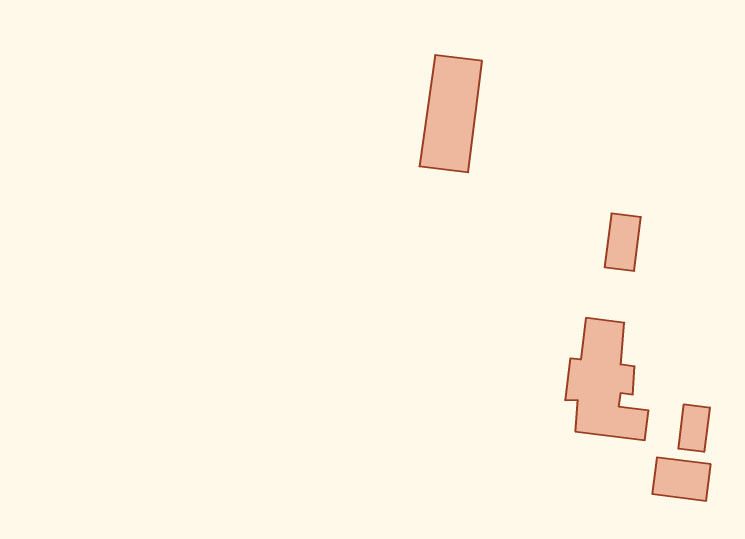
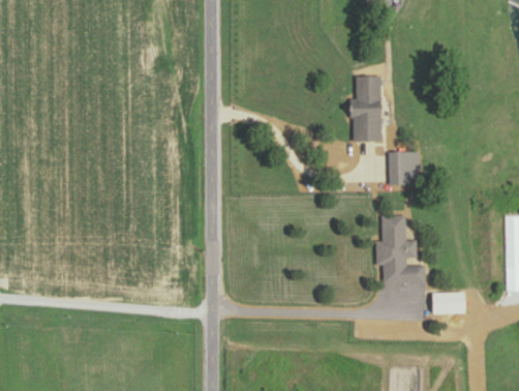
building: [419,55,482,172] -> [353,76,381,142]
building: [678,404,710,452] -> none

